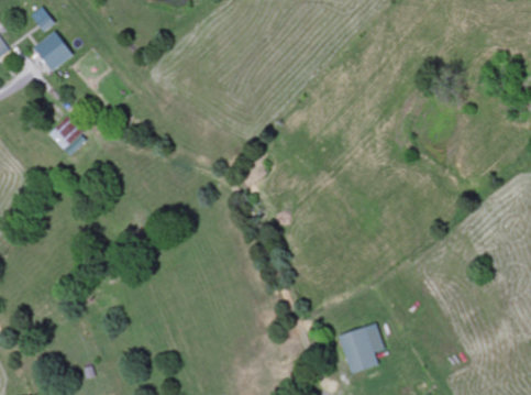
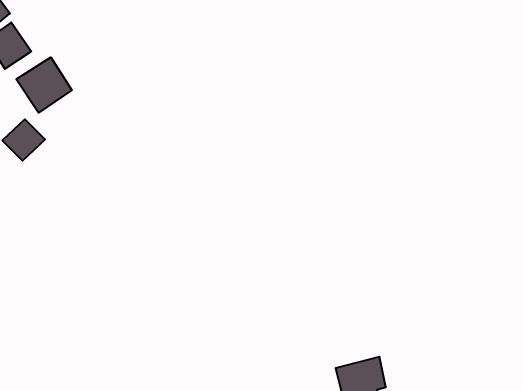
building: none -> [16,57,72,113]

